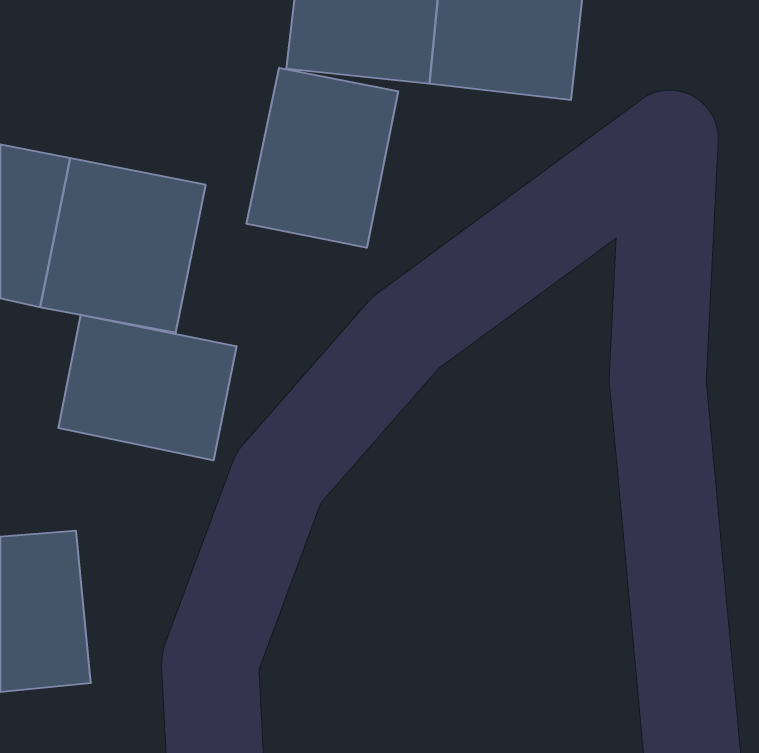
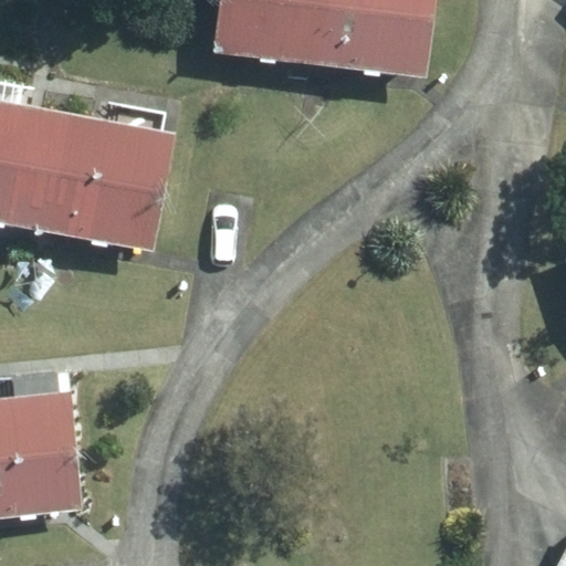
building: [247,68,398,248] -> none
building: [58,315,236,460] -> none

